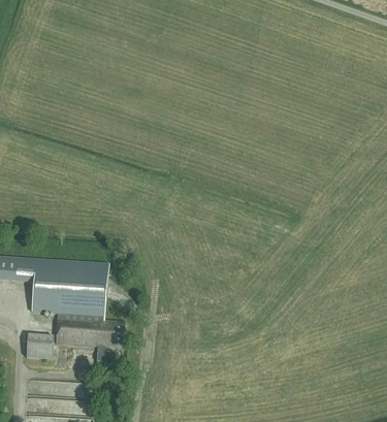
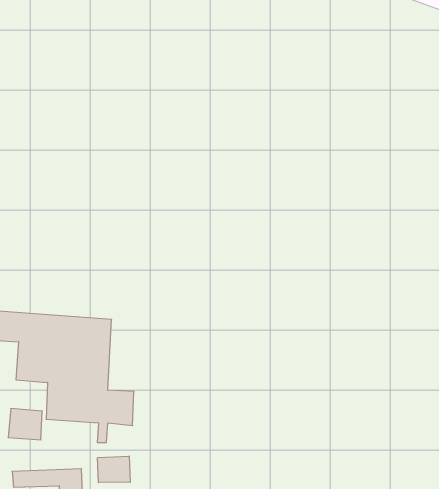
building: none -> [98,456,130,483]

